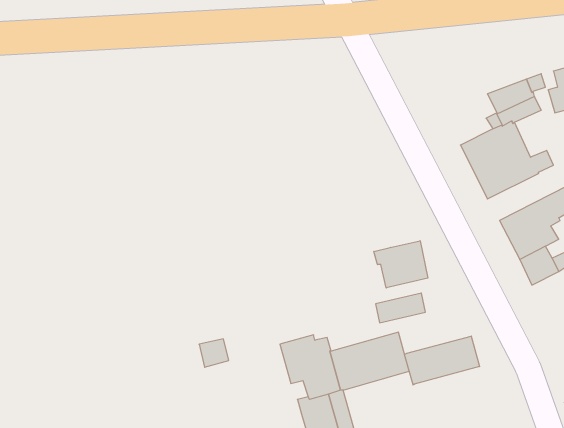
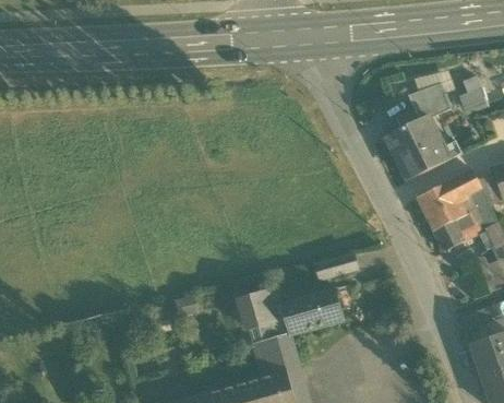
building: [374,241,428,288] -> none
building: [405,336,480,385] -> none

